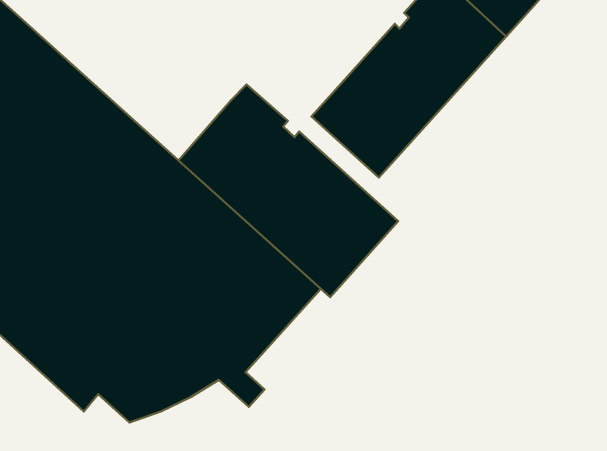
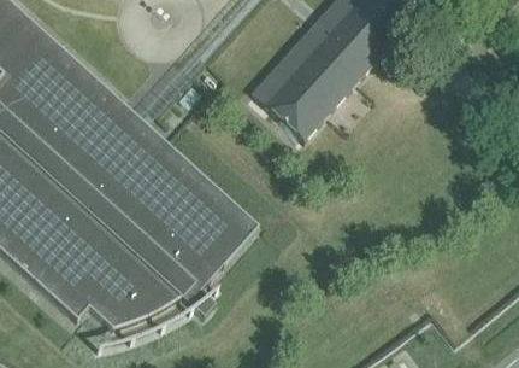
building: [179,85,398,297] -> none

